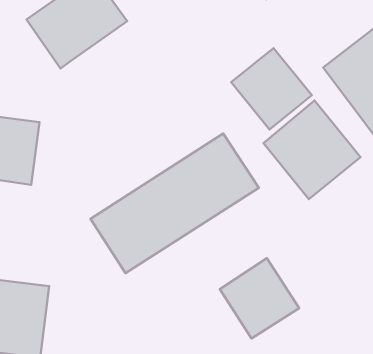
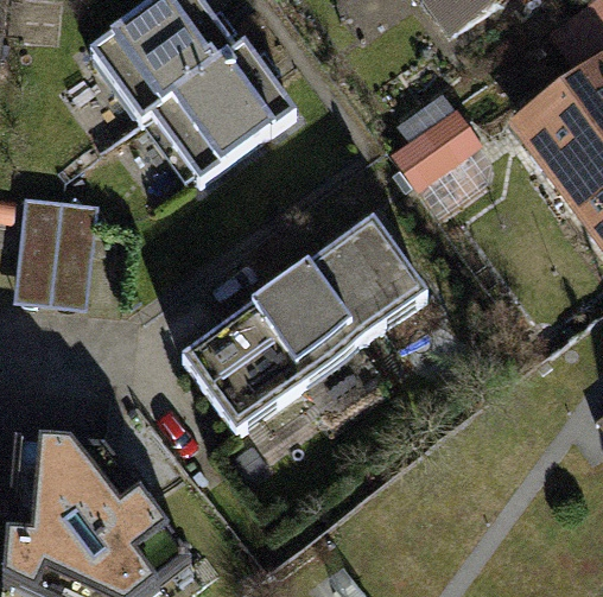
building: none -> [150,52,297,191]
building: [263,101,361,199] -> none
building: [220,258,299,339] -> none

